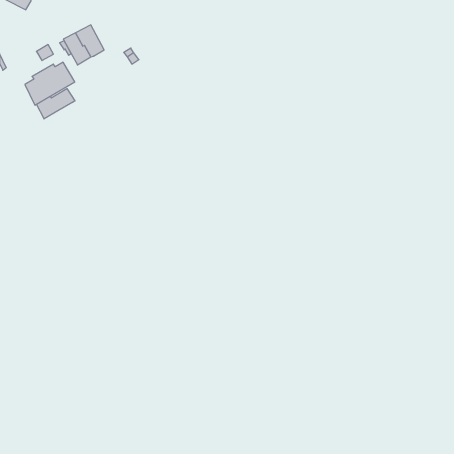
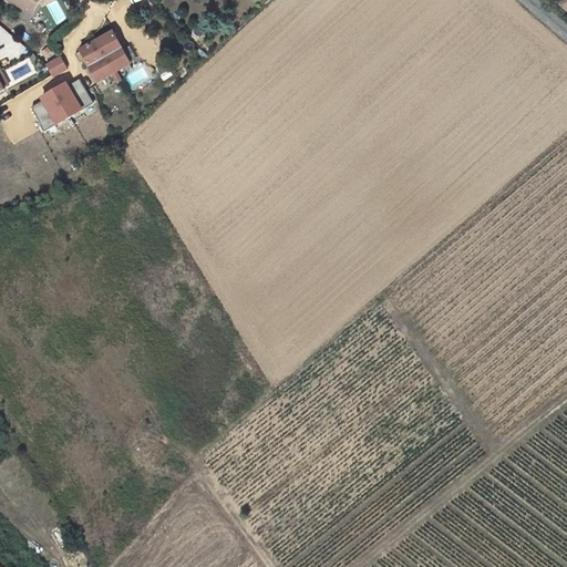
building: [36,89,75,119] -> none

